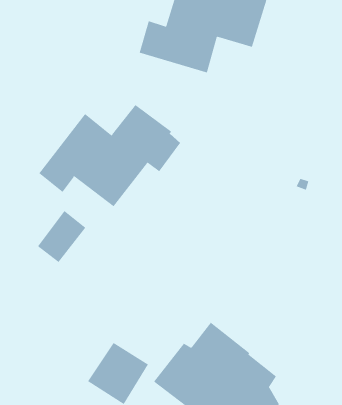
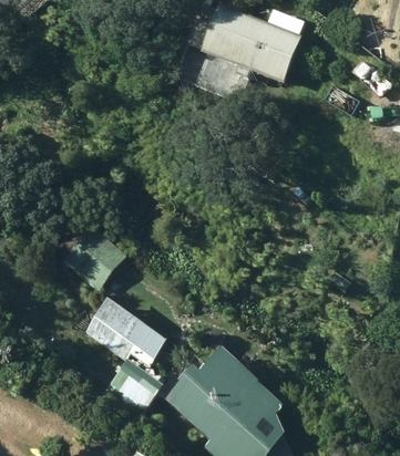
building: [38,104,181,207] -> none
building: none -> [79,294,167,366]

